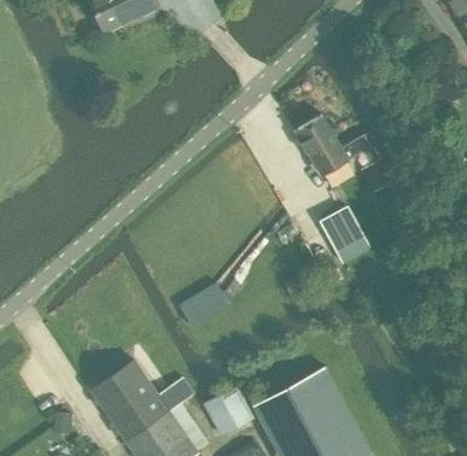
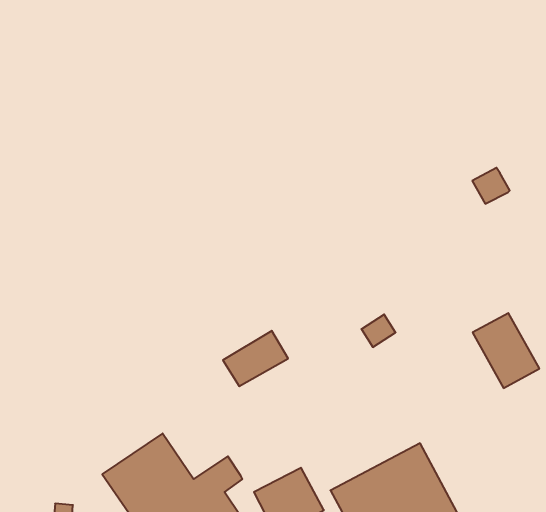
building: [294,113,370,176] -> none
building: [320,206,369,262] -> [473,313,539,388]

